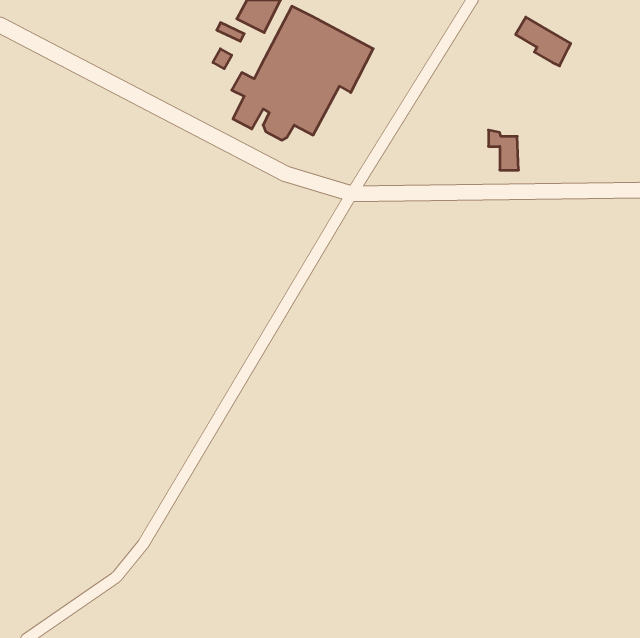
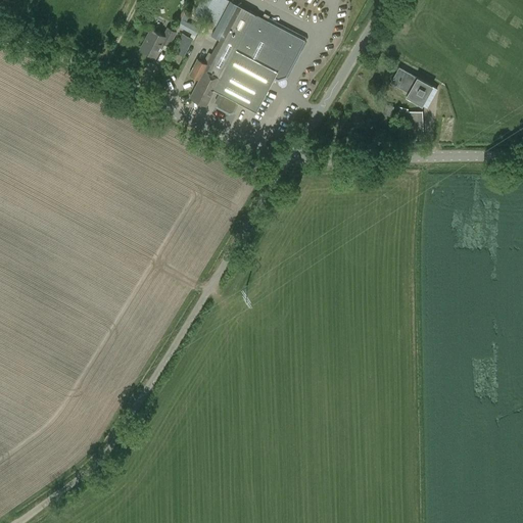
building: [516,17,571,66] -> [391,68,436,108]
building: none -> [141,28,177,56]

